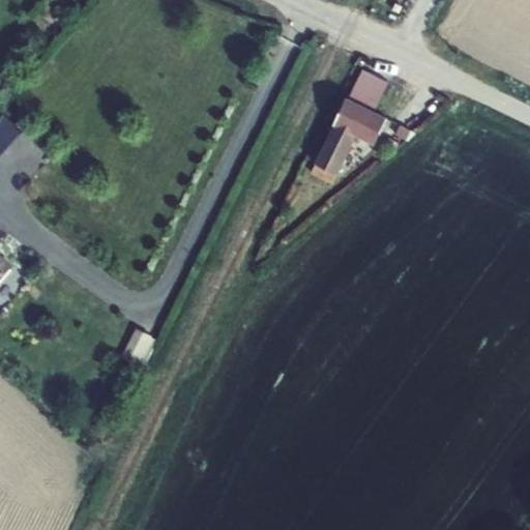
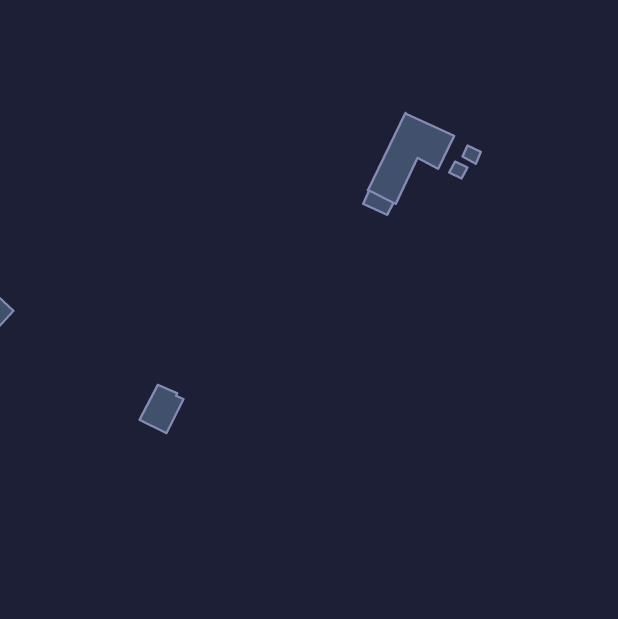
building: [347,69,387,110] -> none

